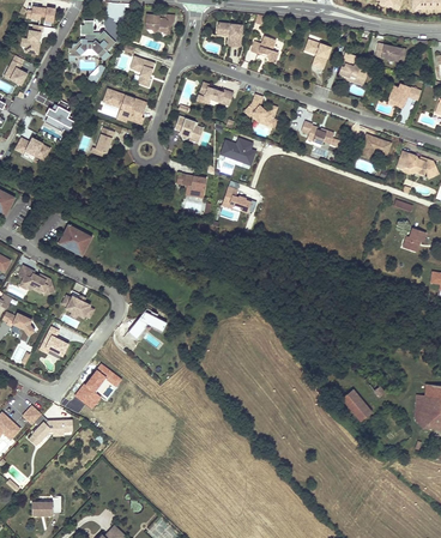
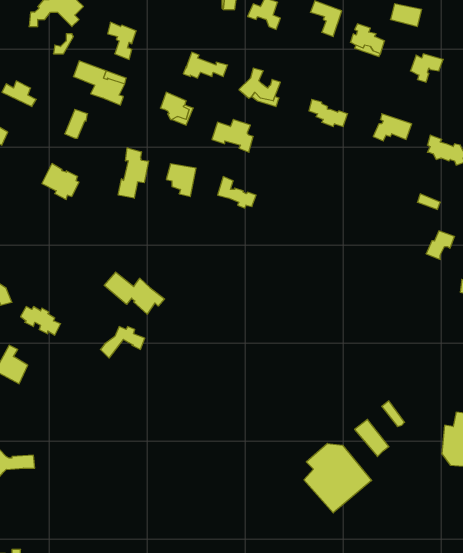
building: none -> [118,148,149,198]
building: [59,224,90,254] -> [42,164,79,199]
building: none -> [104,272,165,314]
building: [75,364,116,407] -> none
building: none -> [304,443,372,513]

